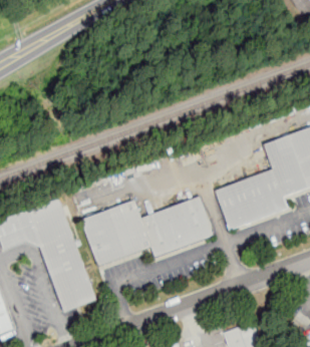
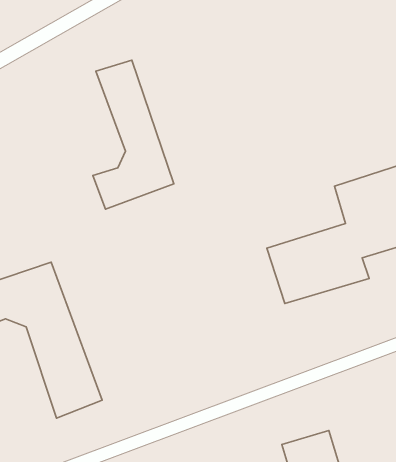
building: none -> [93,60,174,209]
building: [81,194,214,265] -> none

